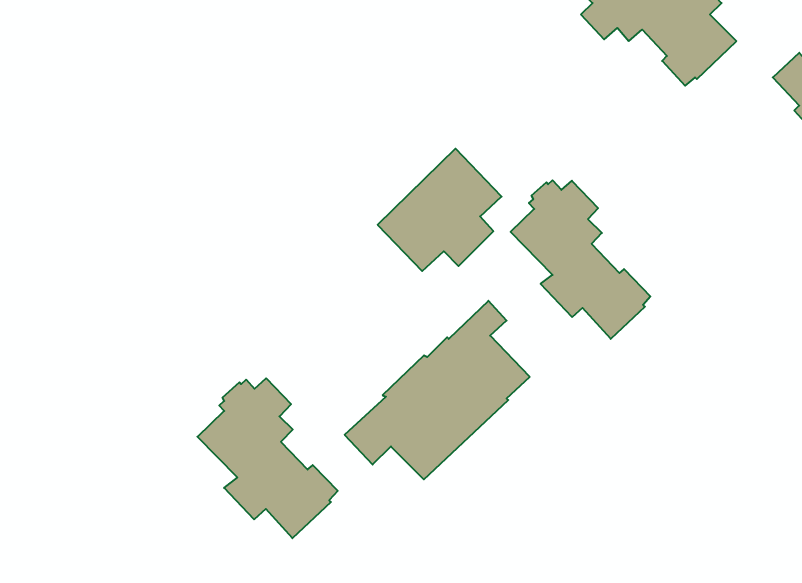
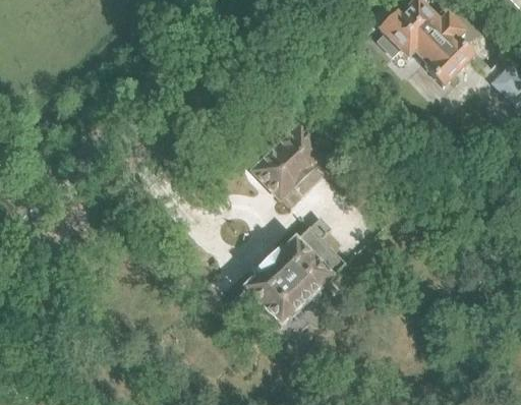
building: [511,180,650,339] -> none
building: [197,378,338,538] -> none

